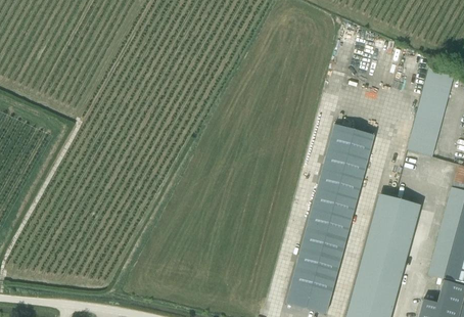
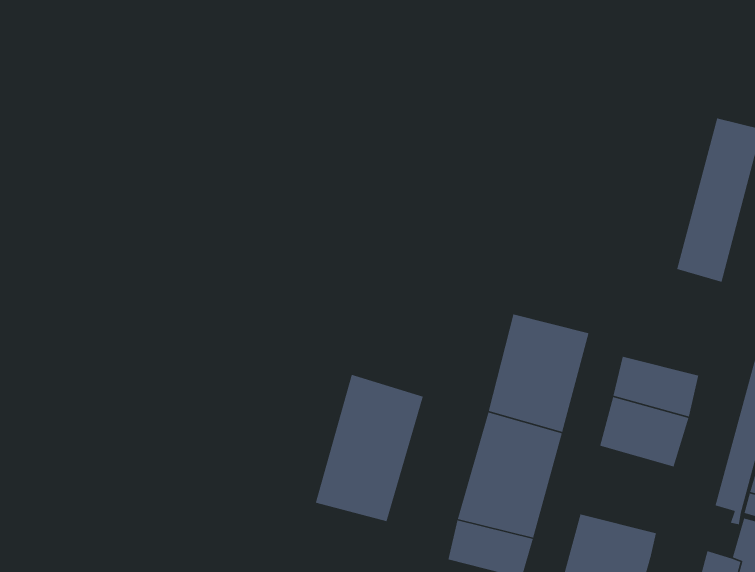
building: [321,124,375,182] -> none
building: none -> [315,374,424,522]
building: [357,242,407,288] -> none

